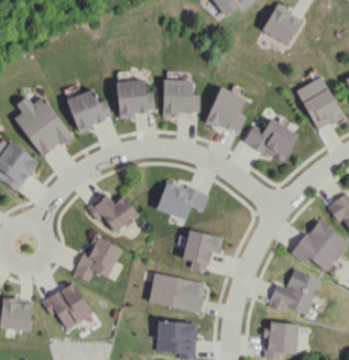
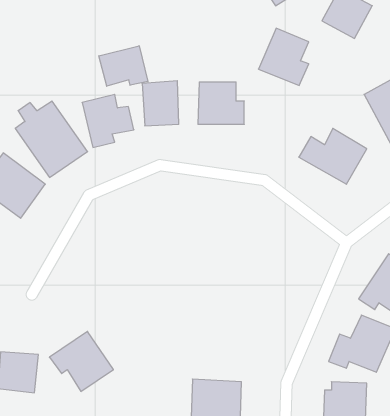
building: none -> [99,46,148,86]
building: [205,88,246,134] -> [258,28,309,85]
building: [155,179,208,220] -> none
building: [87,193,139,233] -> none
building: [182,229,222,273] -> none
building: [75,236,122,282] -> none
building: [148,273,205,314] -> none

